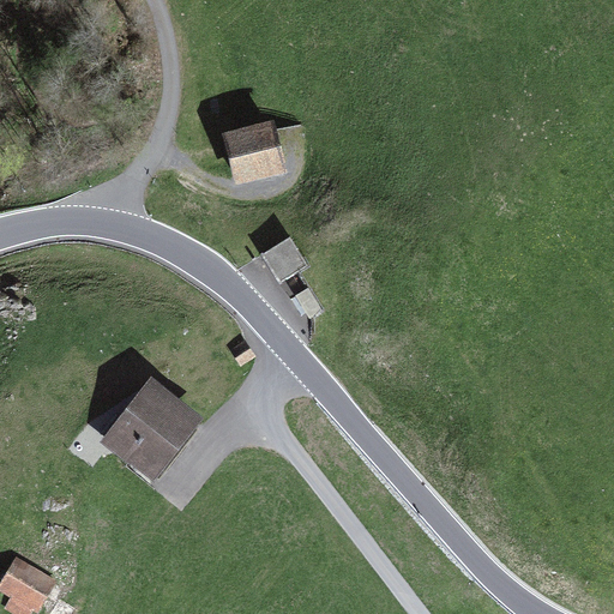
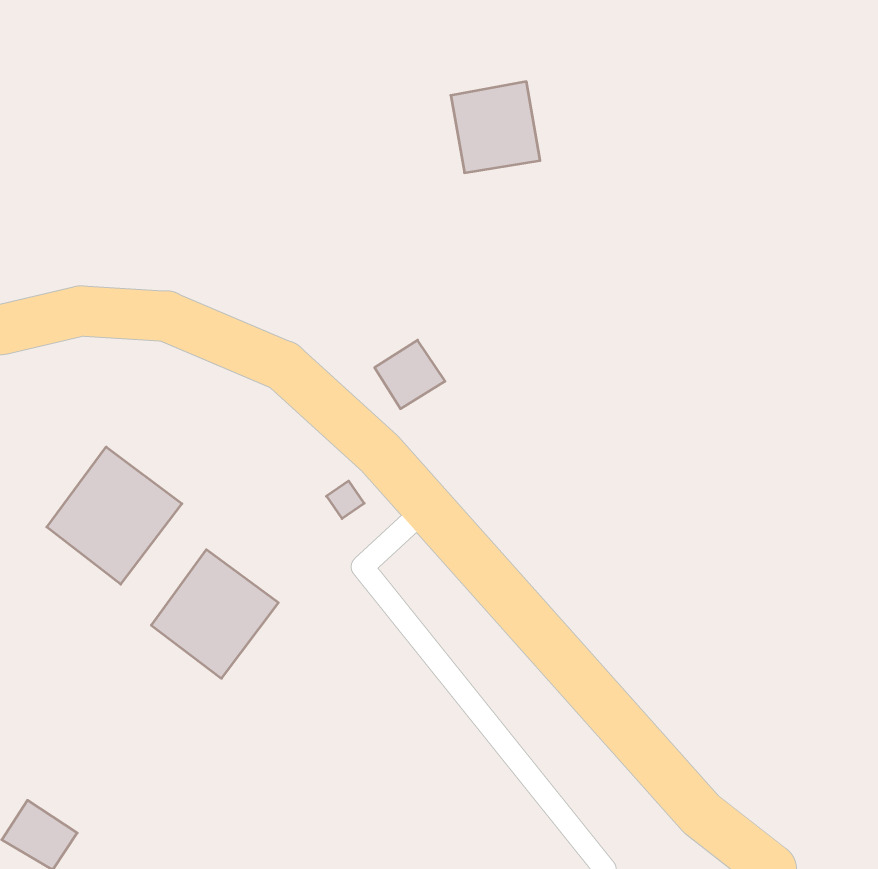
building: [224,120,287,183] -> [451,82,540,173]
building: none -> [47,447,182,584]

